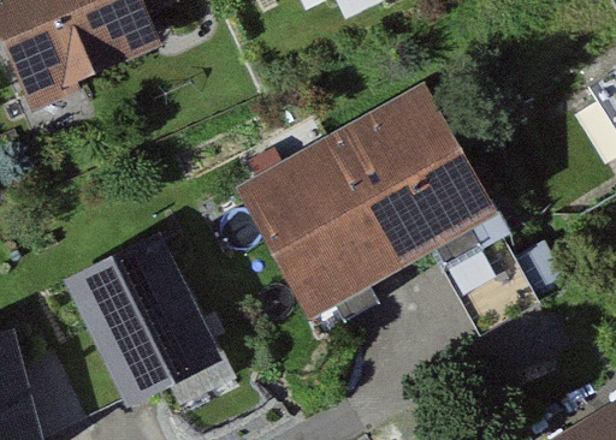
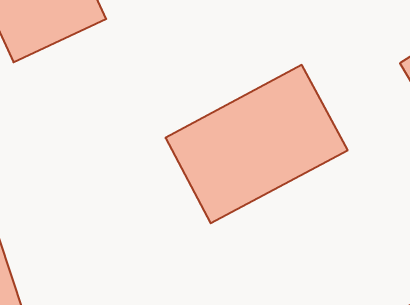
building: [64,234,218,402] -> none

